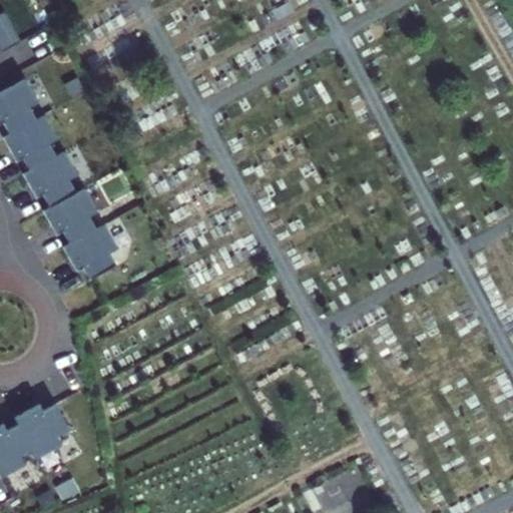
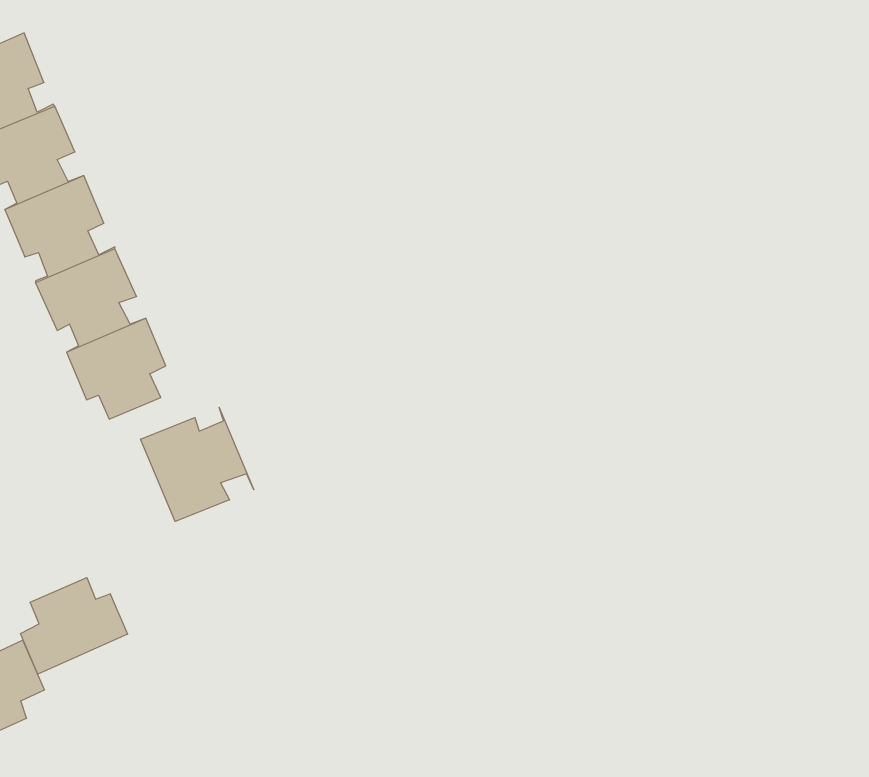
building: none -> [141,407,254,521]
building: none -> [20,578,128,674]

